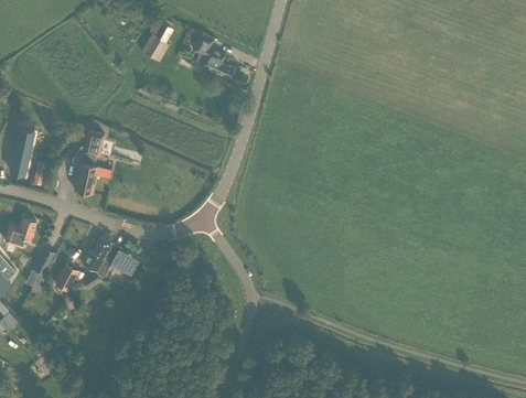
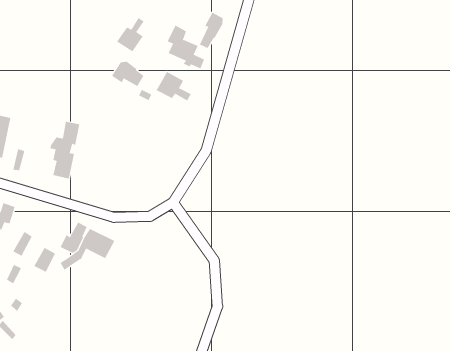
building: none -> [199,12,223,49]
building: none -> [111,61,144,87]
building: none -> [156,71,191,101]

